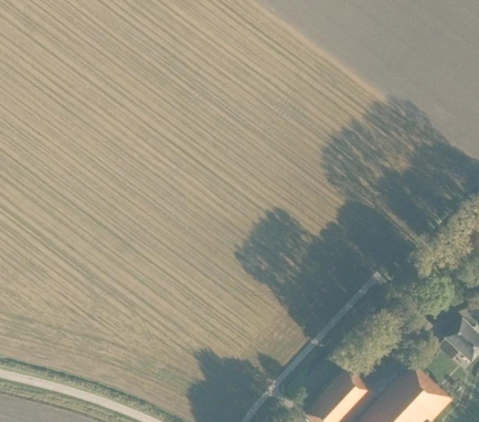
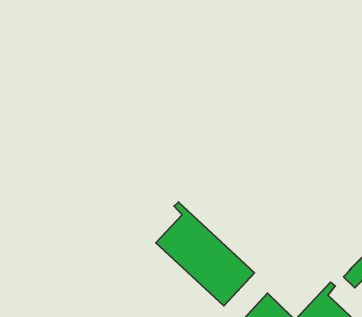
building: none -> [156,202,254,306]

